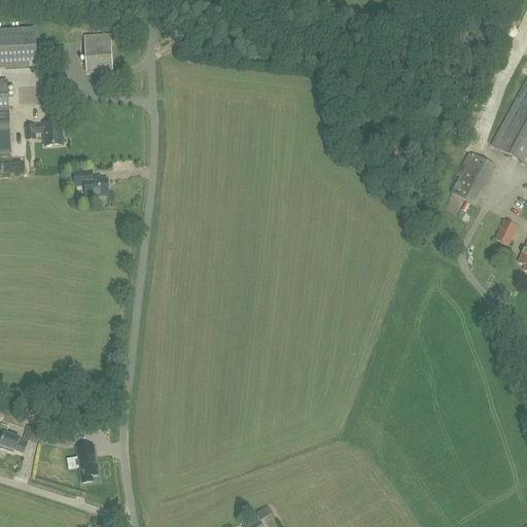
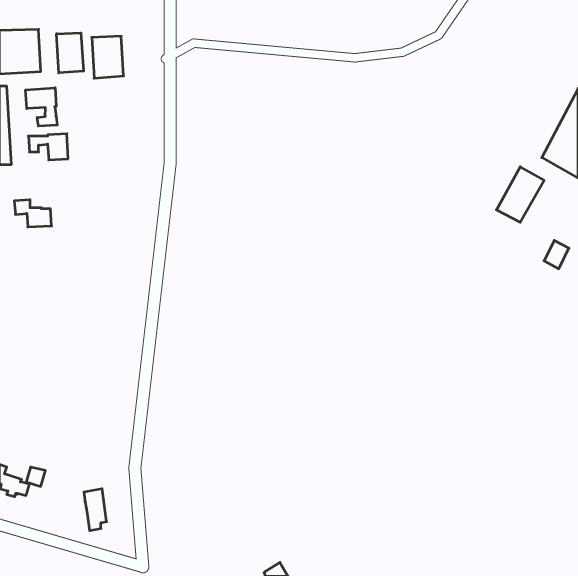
building: none -> [57,33,84,73]
building: none -> [26,88,57,126]
building: [74,170,108,195] -> [14,200,52,227]

